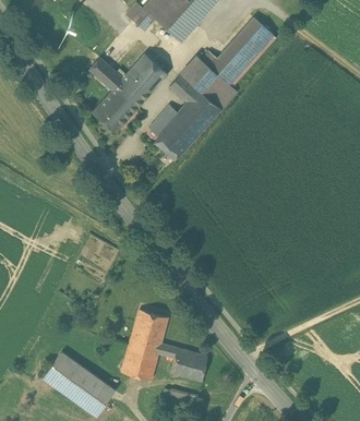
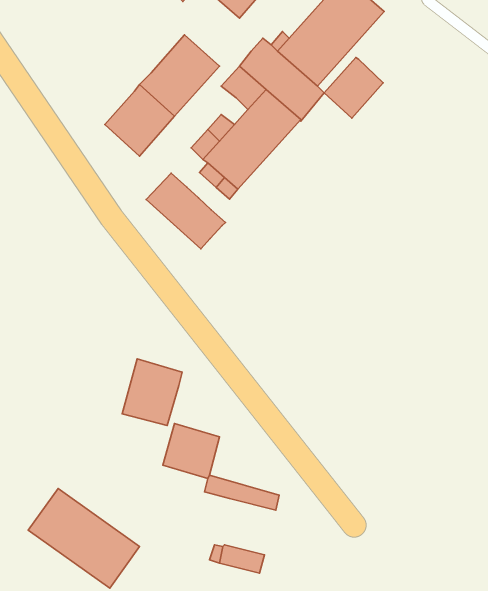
building: [89,58,123,91] -> none
building: none -> [324,58,383,118]
building: none -> [146,173,226,249]
building: [121,336,160,380] -> [122,359,182,425]
building: [170,358,205,381] -> none

